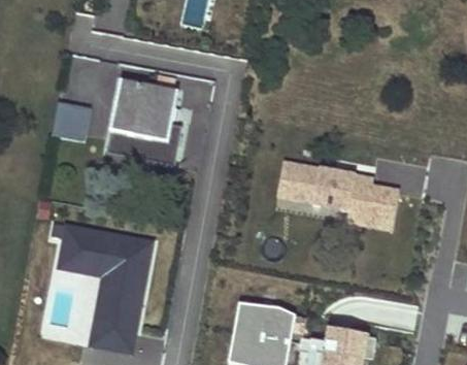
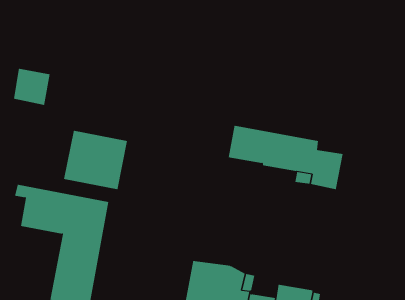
building: [110,78,178,141] -> [63,130,128,190]

